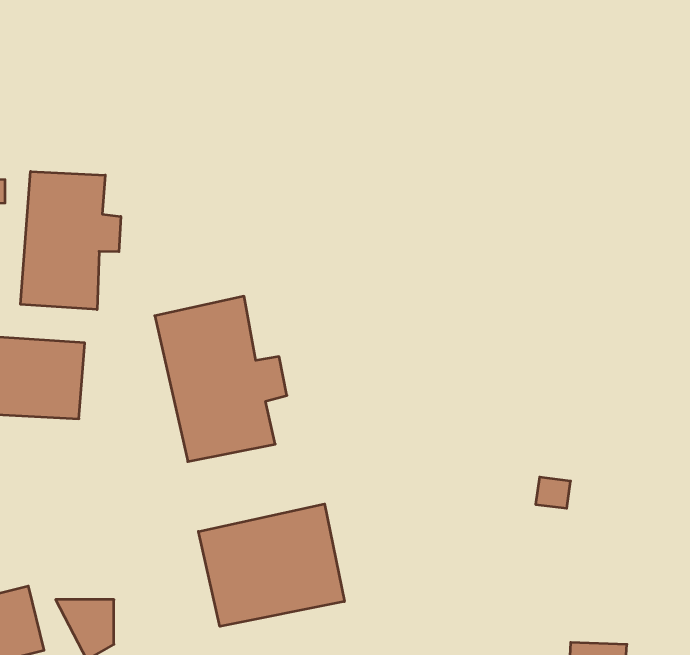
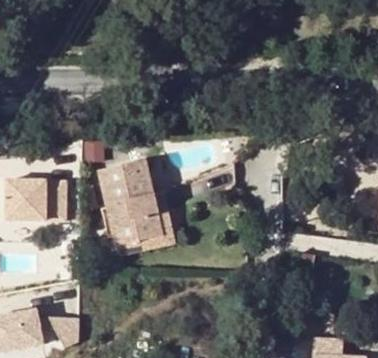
building: [21,171,121,310] -> none
building: [198,504,344,626] -> none

